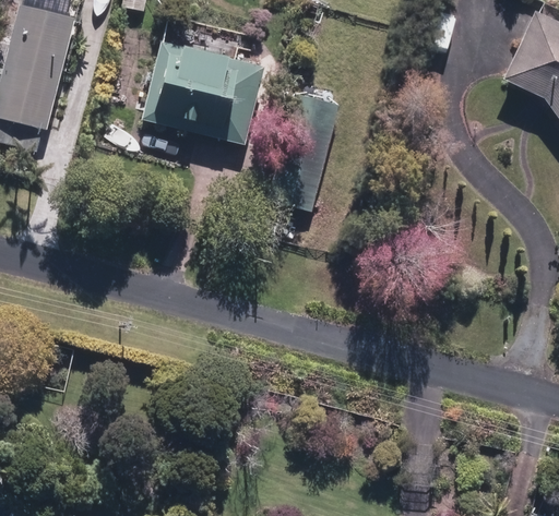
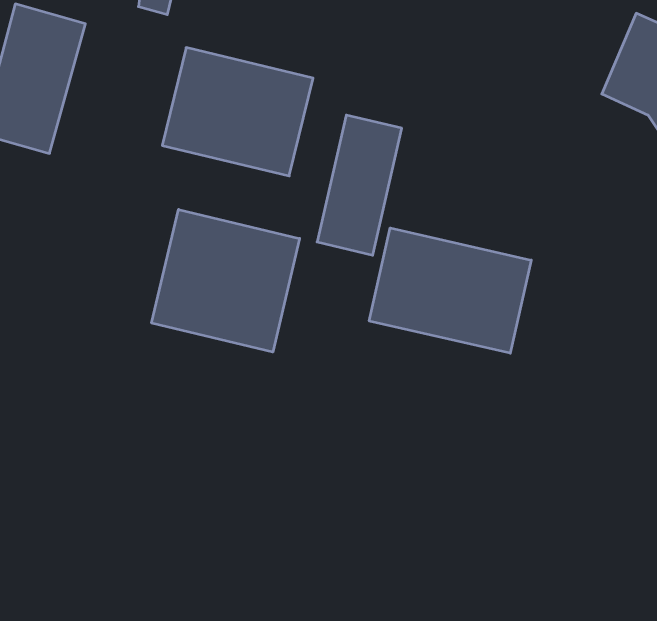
building: none -> [152,209,300,352]
building: none -> [369,228,531,353]

